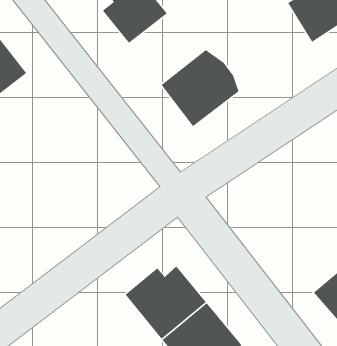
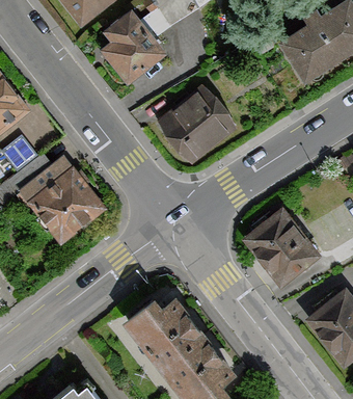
building: none -> [8,155,106,245]
building: none -> [243,207,319,285]

